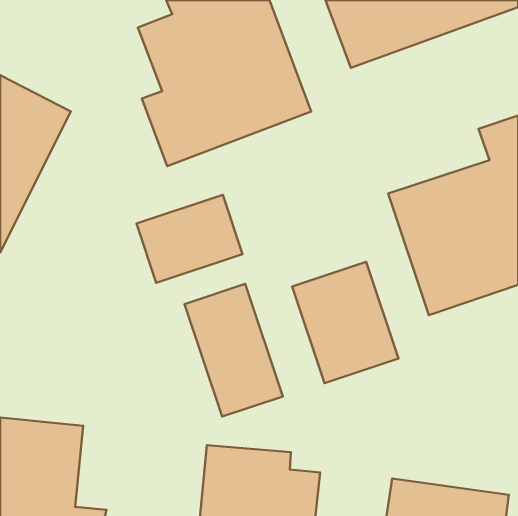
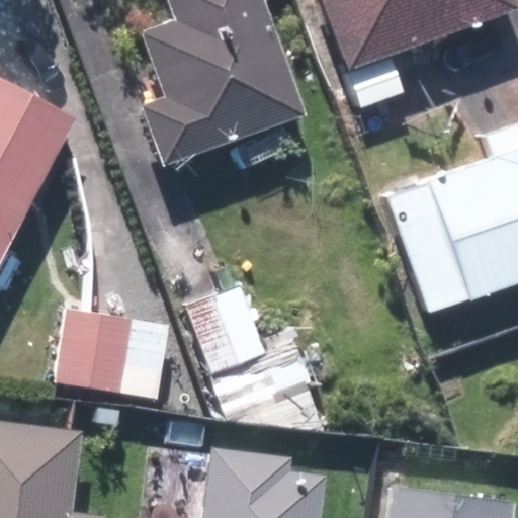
building: [136,195,243,283] -> none
building: [292,262,398,383] -> none
building: none -> [56,309,173,396]

